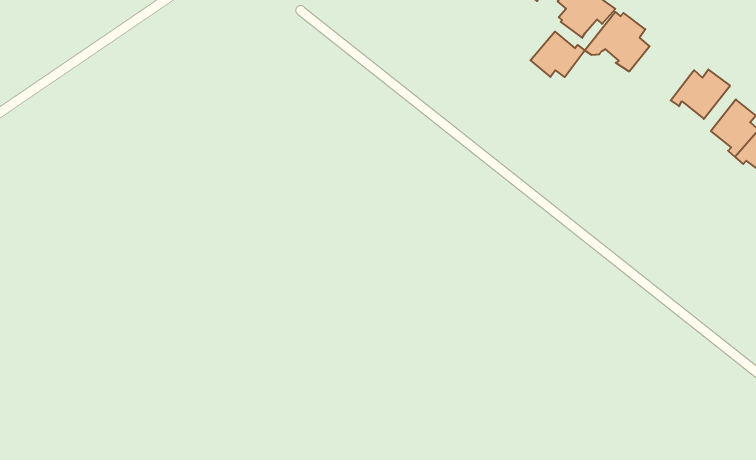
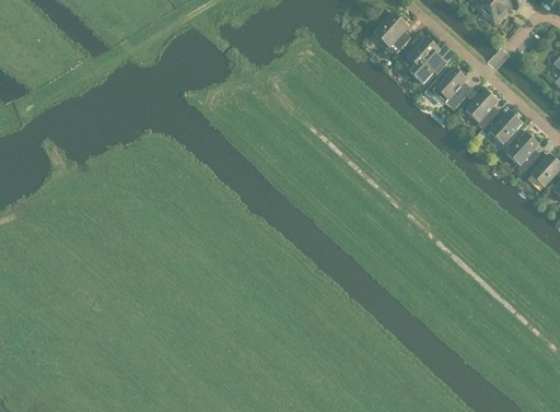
building: [530,32,585,77] -> none
building: none -> [466,90,500,131]

